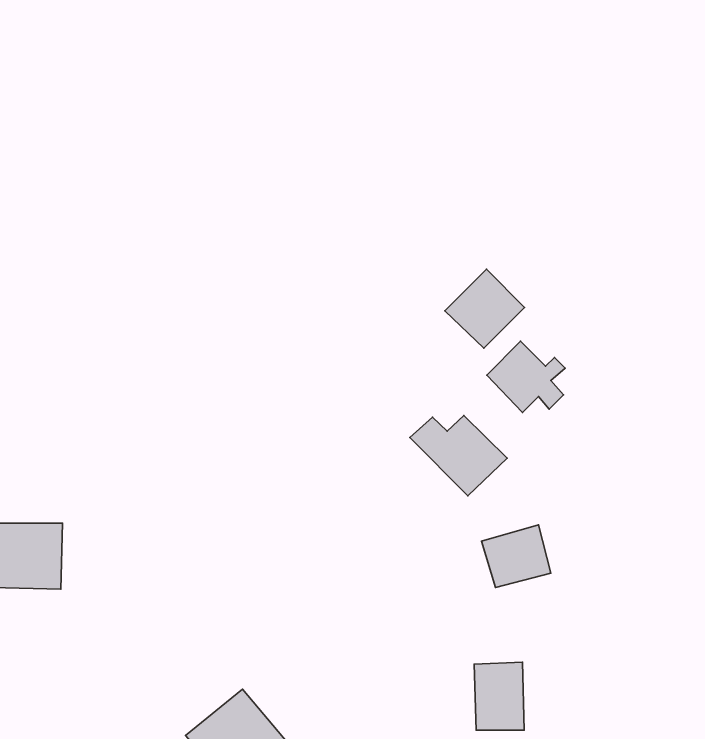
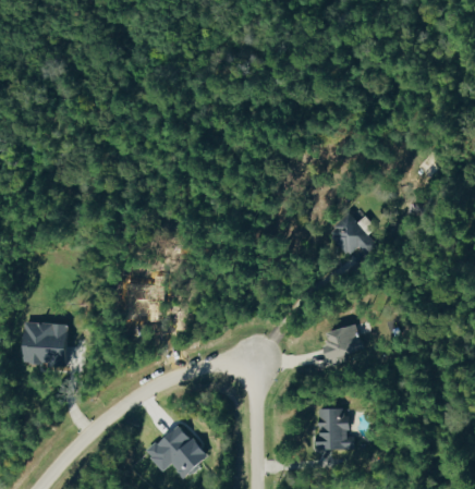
building: [445,269,524,348] -> none
building: [410,415,507,496] -> none

